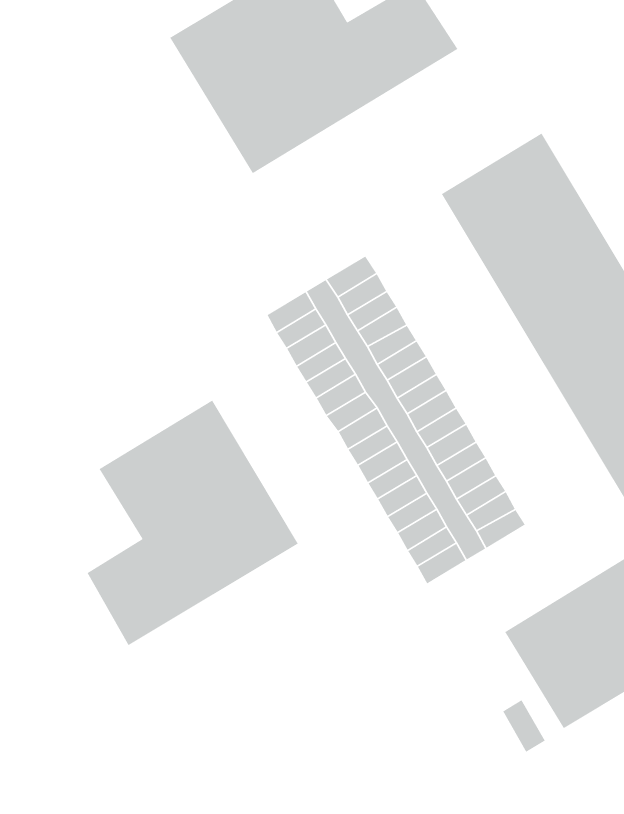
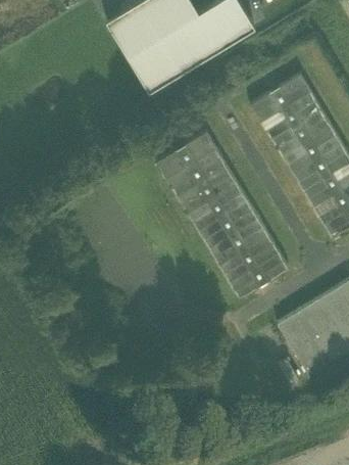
building: [87,399,299,646] -> none

